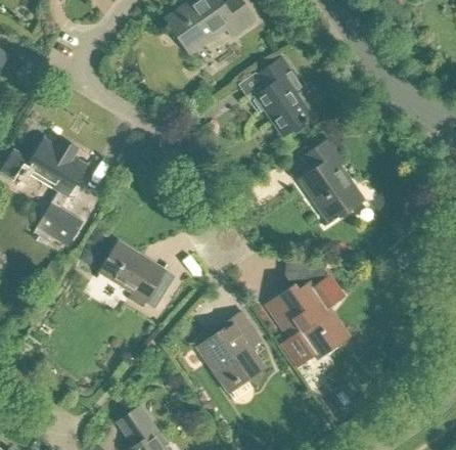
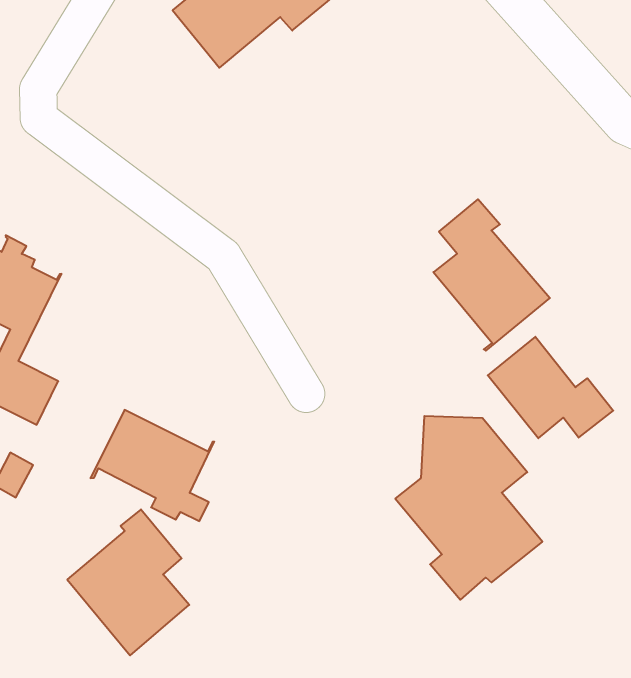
building: [253,58,312,136] -> none
building: none -> [488,337,613,438]
building: [197,311,265,393] -> [67,509,189,655]

